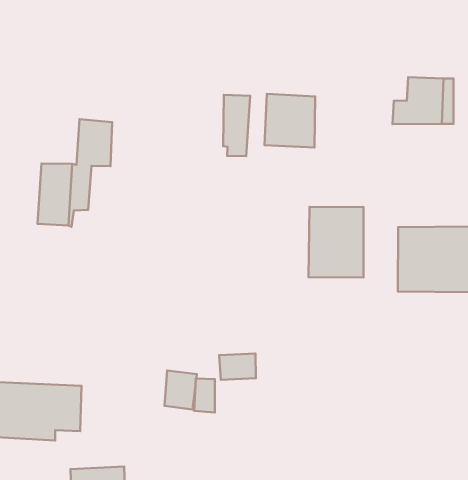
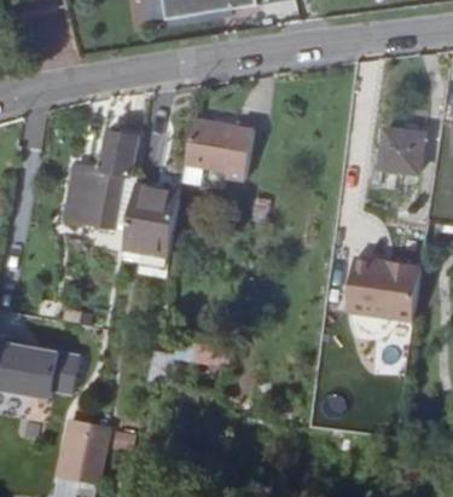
building: [265,94,315,148] -> [182,119,230,168]
building: none -> [120,184,178,255]
building: [308,207,364,277] -> none

